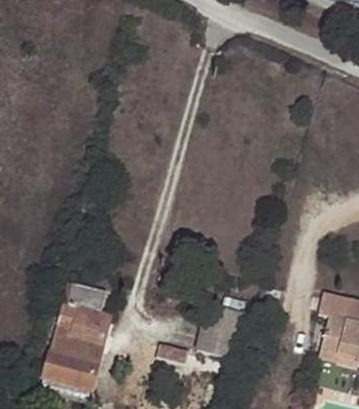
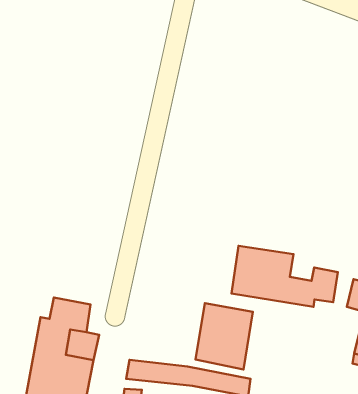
building: none -> [232,246,338,307]

